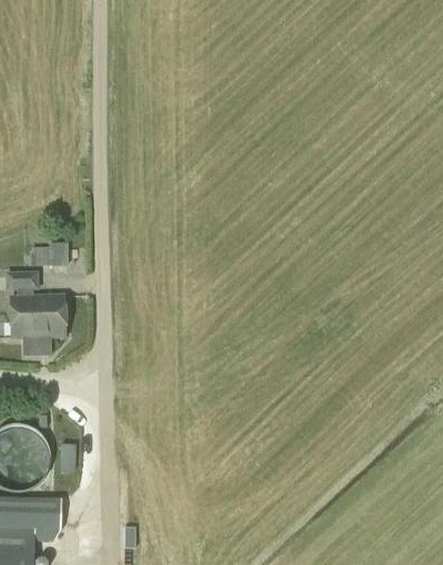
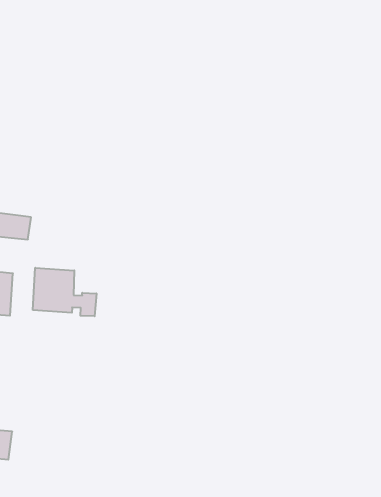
building: none -> [33,268,96,316]

